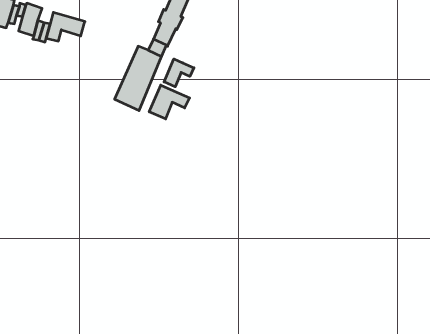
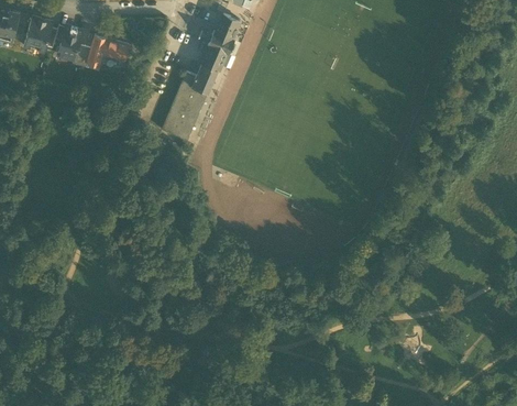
building: [164,59,194,87] -> none
building: [149,85,190,119] -> none

